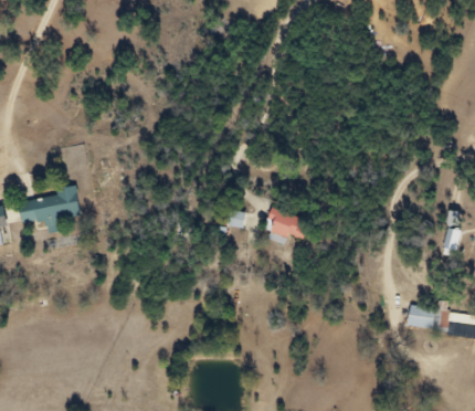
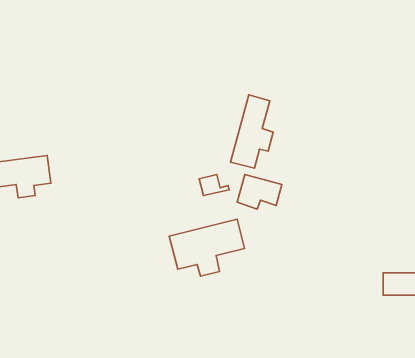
building: none -> [231,95,273,168]
building: none -> [169,219,244,276]

